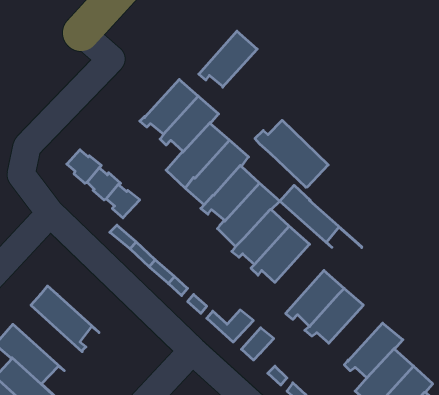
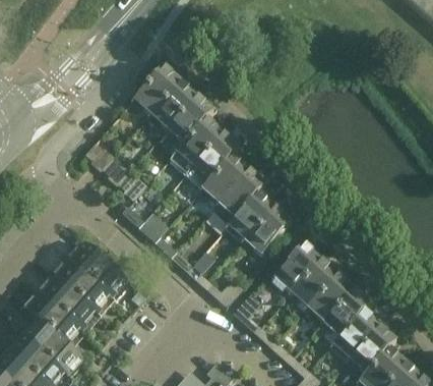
building: [199,31,257,87] -> [130,67,180,115]
building: [255,120,328,187] -> none
building: [280,185,362,248] -> none
building: none -> [68,243,127,298]
building: none -> [39,275,98,331]
building: none -> [304,275,353,323]

